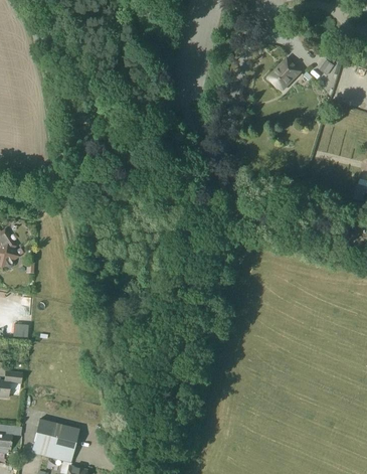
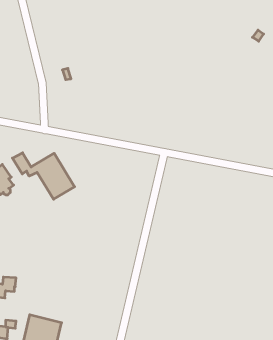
building: [270,60,300,90] -> none
building: none -> [12,153,75,199]

